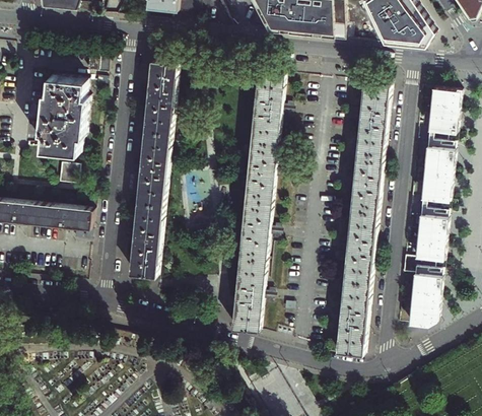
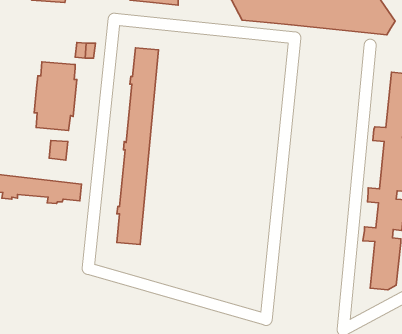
building: [232,70,283,330] -> none
building: [337,80,390,353] -> none

